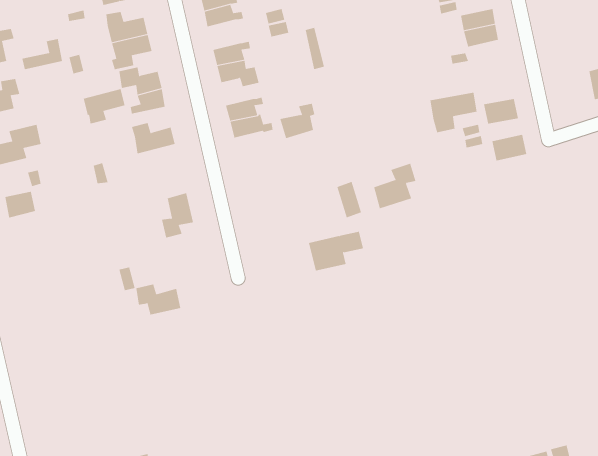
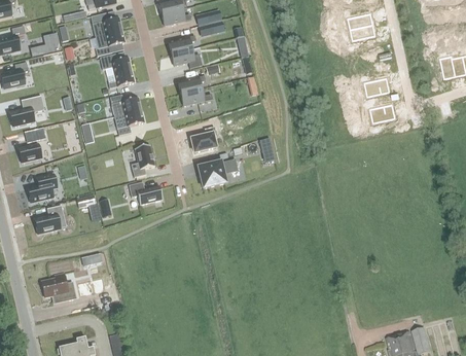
building: [83,88,125,124] -> [113,109,144,135]
building: [430,92,477,133] -> none
building: [280,103,315,139] -> [190,127,216,152]
building: [374,163,416,209] -> none
building: none -> [26,171,56,201]
building: [308,231,364,271] -> [198,158,238,187]
building: none -> [34,205,66,234]
building: [135,284,181,315] -> [129,181,162,204]
building: none -> [41,273,76,304]

